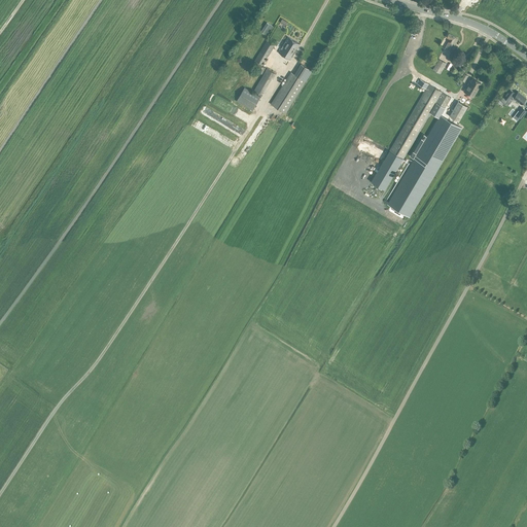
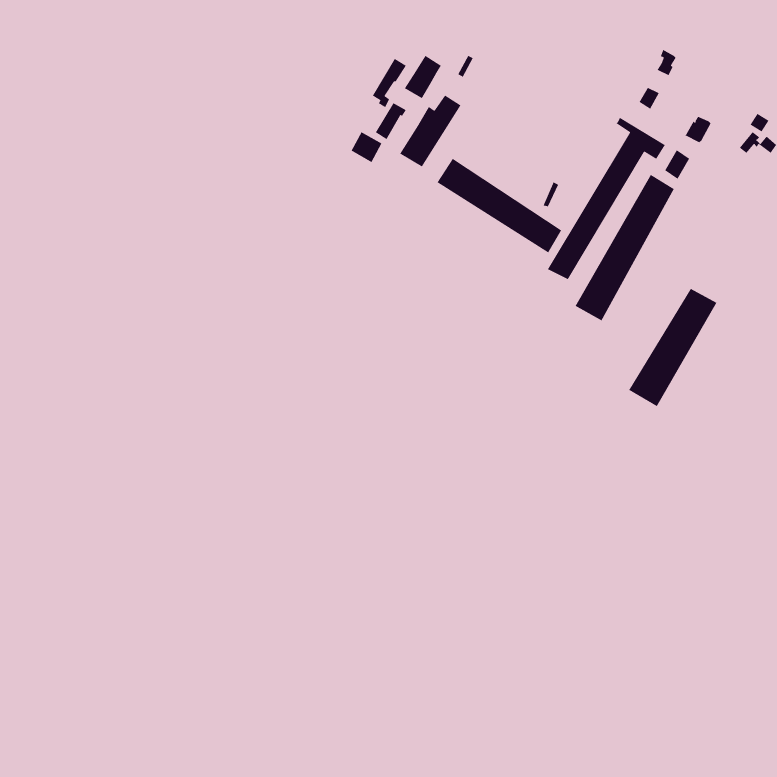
building: none -> [436,158,562,254]
building: none -> [628,288,717,407]

